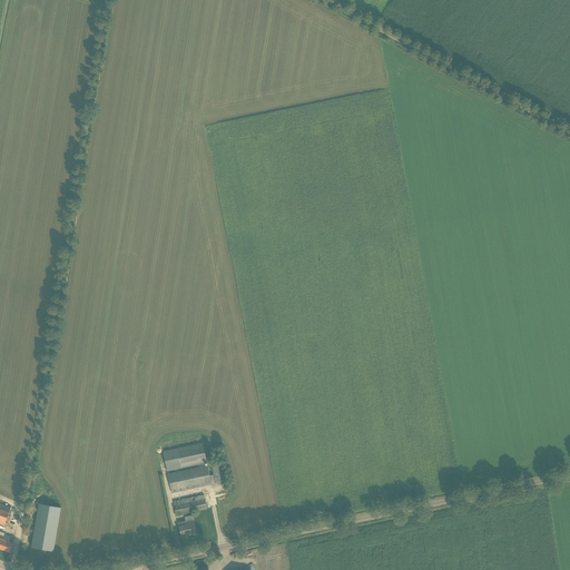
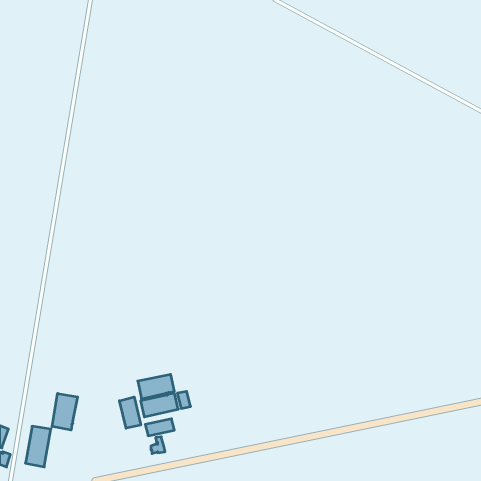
building: none -> [52,393,78,430]
building: none -> [119,397,141,428]

